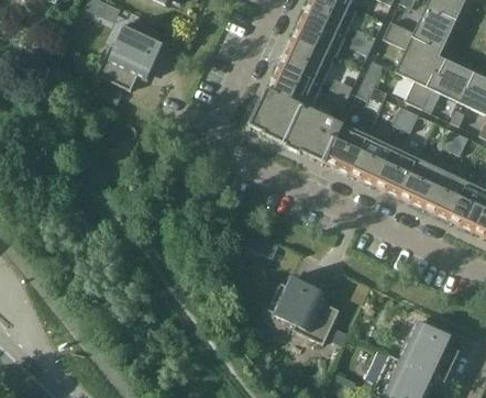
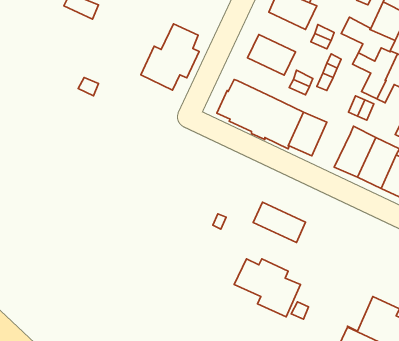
building: [294,15,344,58] -> none
building: [96,19,158,90] -> [141,24,199,90]
building: [270,65,321,108] -> none
building: [351,134,393,183] -> none
building: none -> [253,202,306,243]

